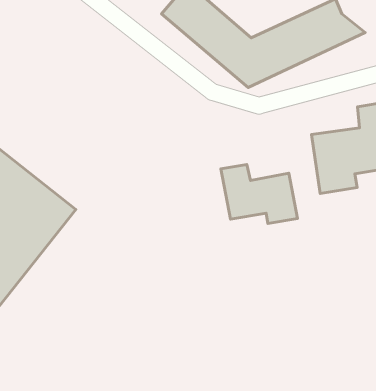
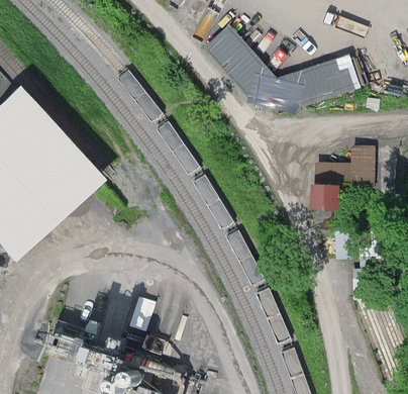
building: [221,165,298,224] -> none

